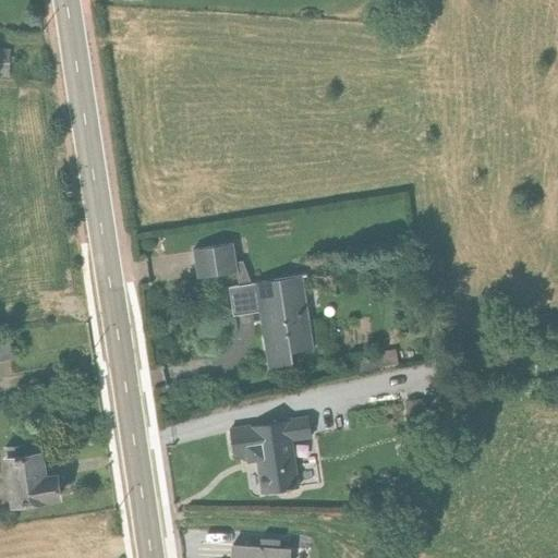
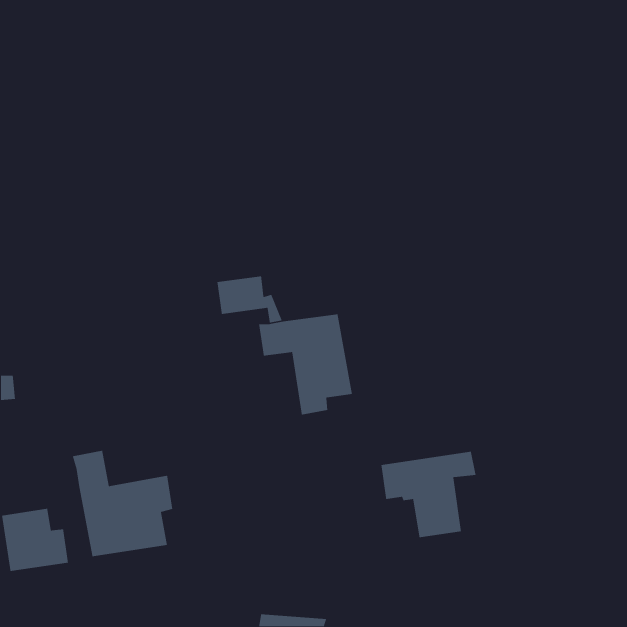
building: none -> [72,450,173,557]
building: [228,417,313,495] -> [381,451,476,538]

